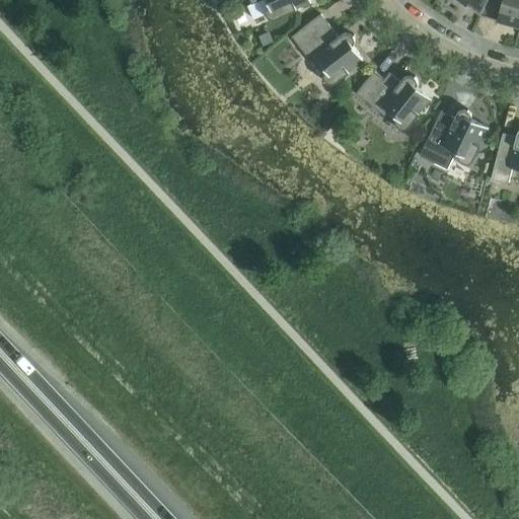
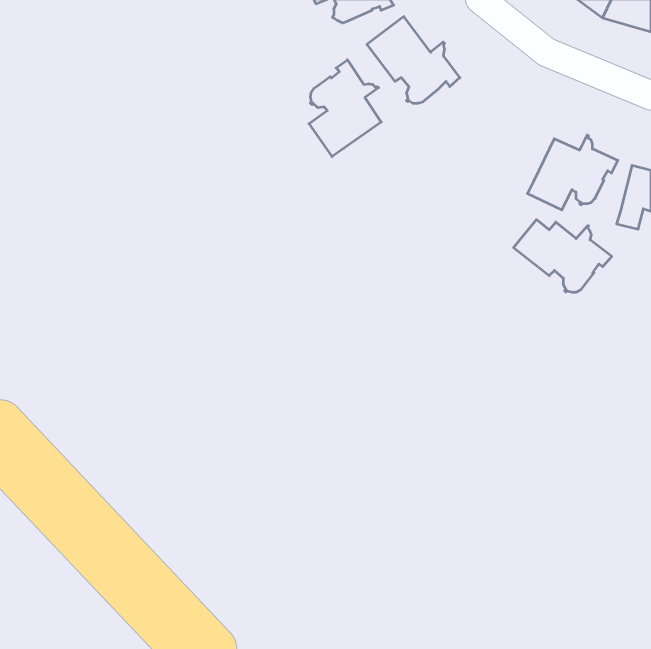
building: none -> [309,60,381,157]
building: [356,70,434,128] -> [514,220,612,292]

